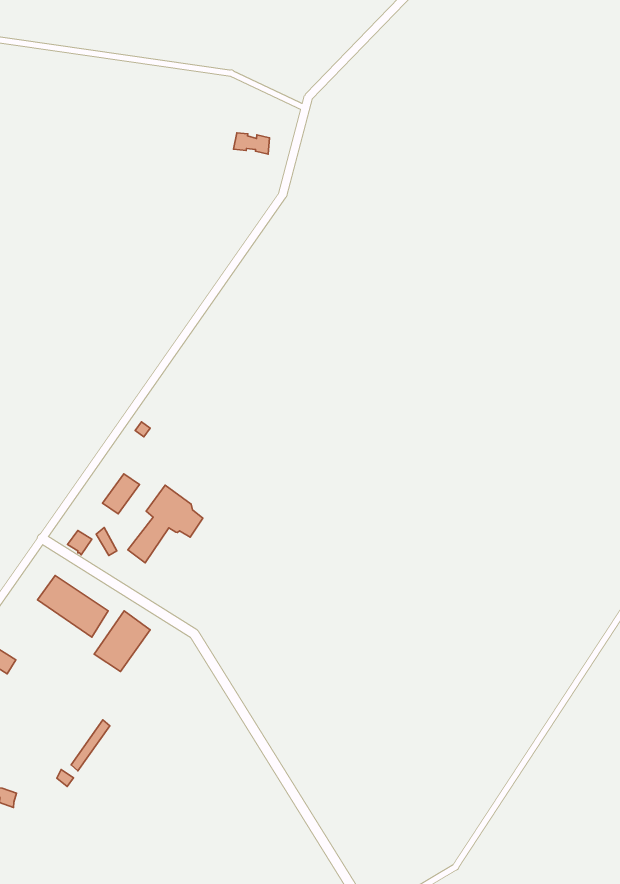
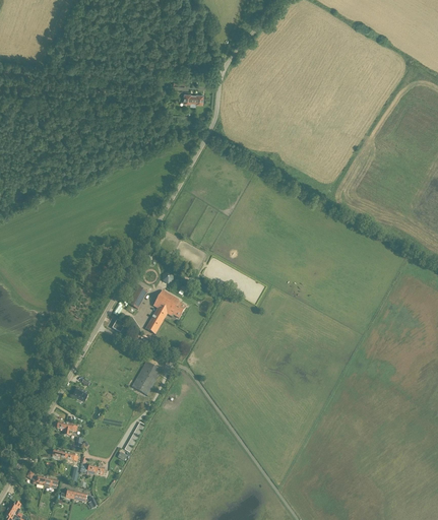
building: [37,575,108,637] -> none

